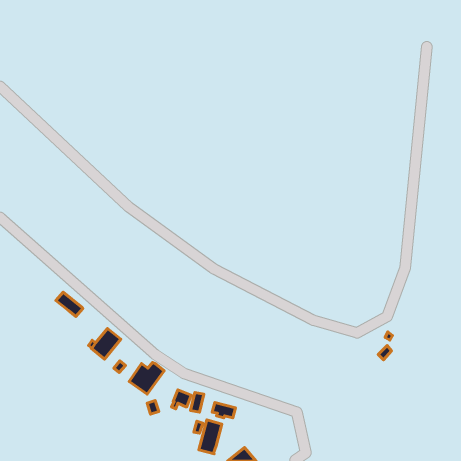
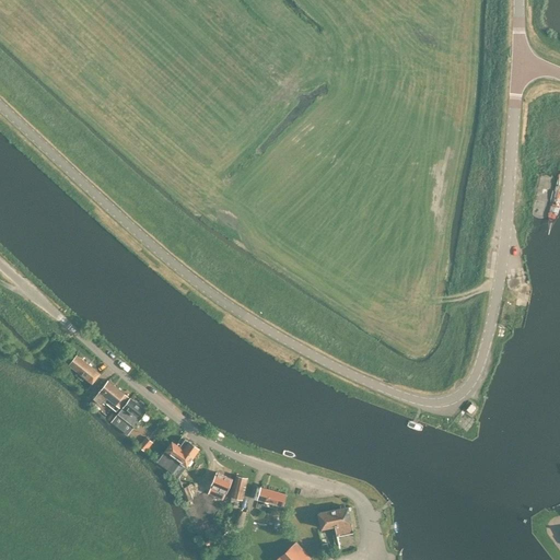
building: none -> [93,381,129,408]
building: none -> [317,506,353,536]
building: [199,420,222,454] -> none

